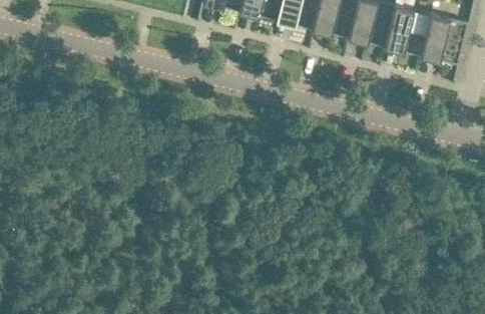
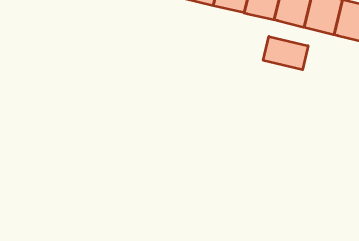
building: none -> [263,36,308,70]

